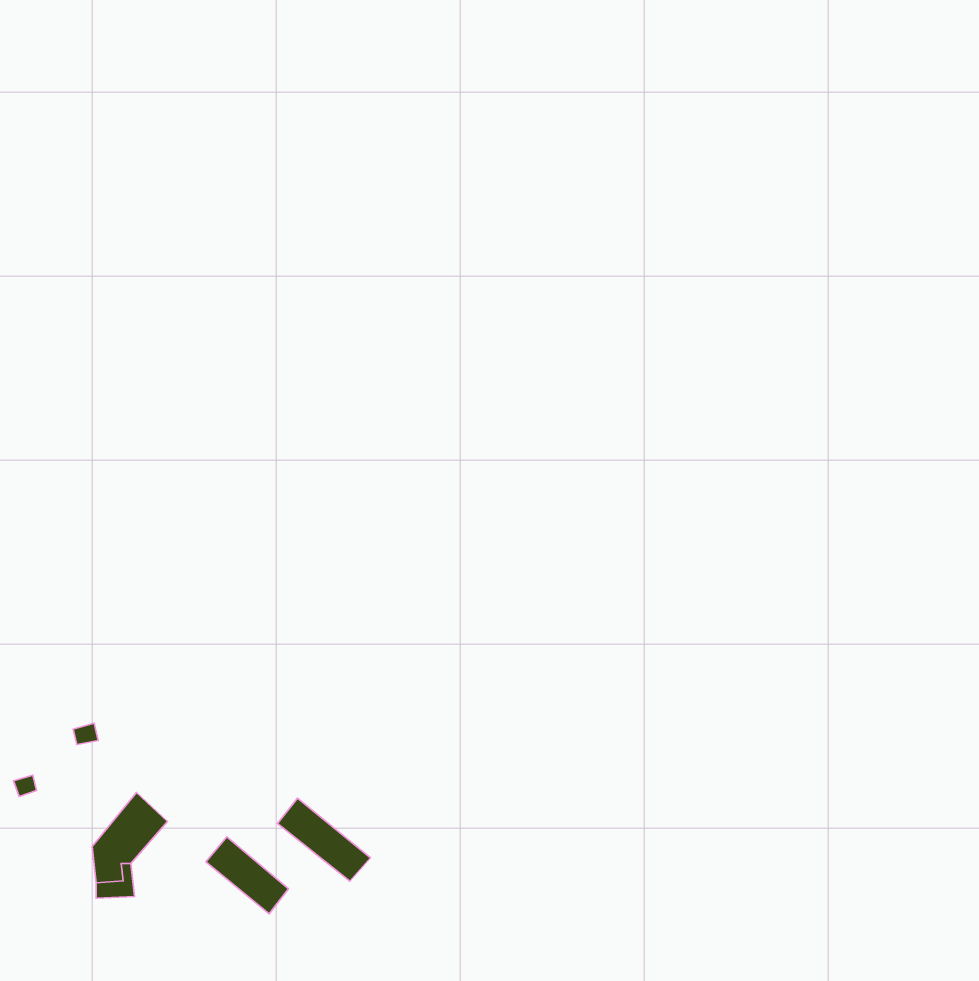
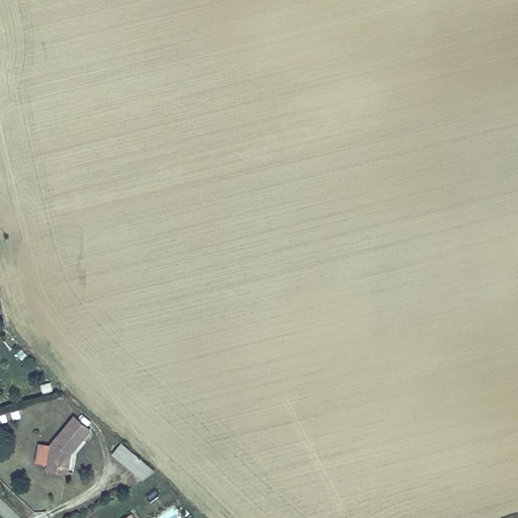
building: [277,798,370,881] -> none

